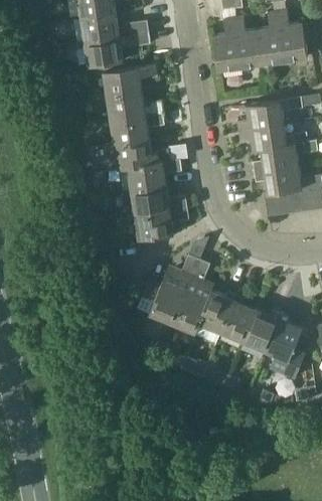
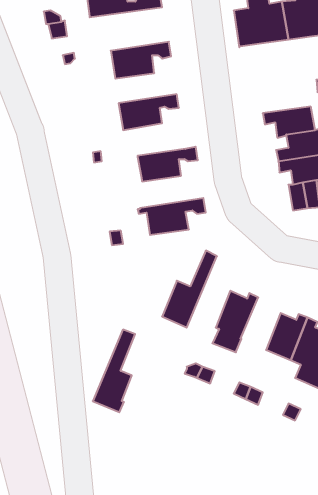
building: [76,34,151,68] -> none
building: [107,94,162,121] -> none
building: [237,101,283,130] -> none
building: [104,139,170,172] -> none
building: [126,186,186,215] -> none
building: [171,259,209,333] -> [93,330,135,412]
building: [219,296,256,343] -> none

